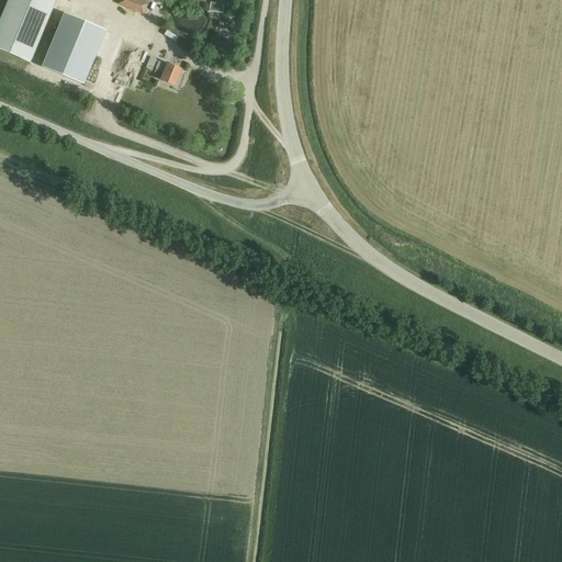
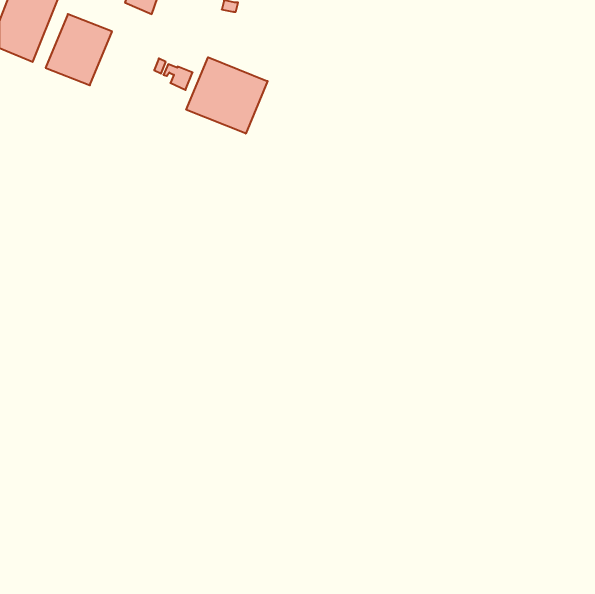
building: none -> [186,57,268,134]

